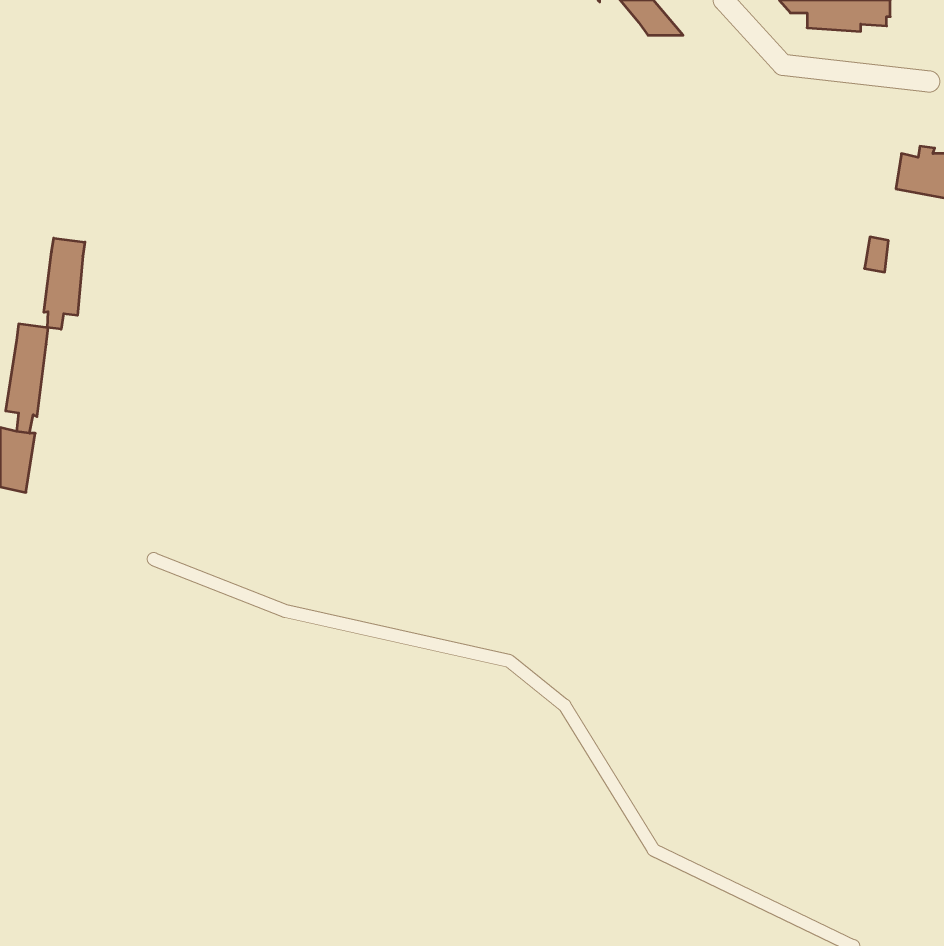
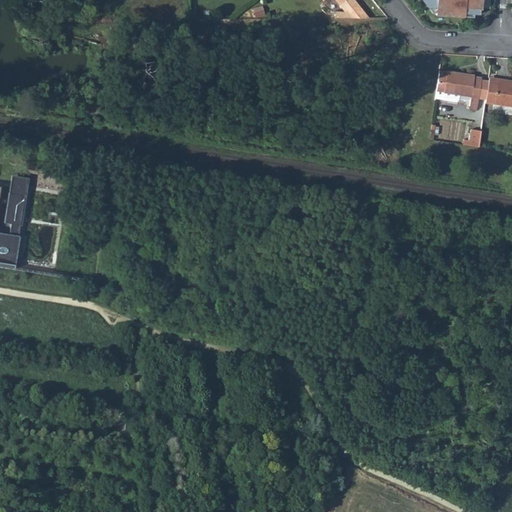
building: none -> [437,71,482,111]
building: [44,238,85,329] -> none

